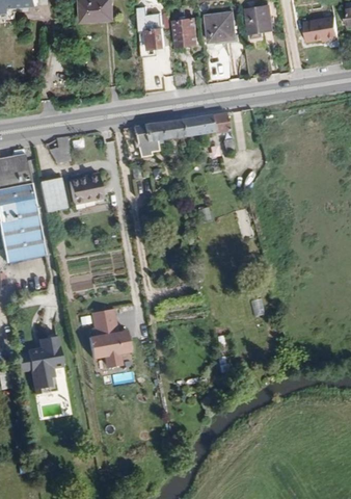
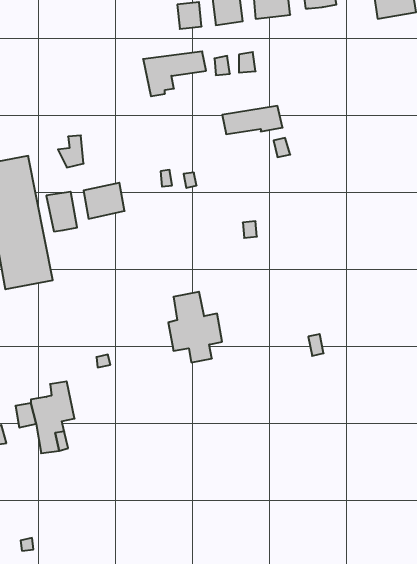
building: [134,120,185,156] -> [143,51,206,96]
building: [88,308,132,365] -> [168,292,222,362]

